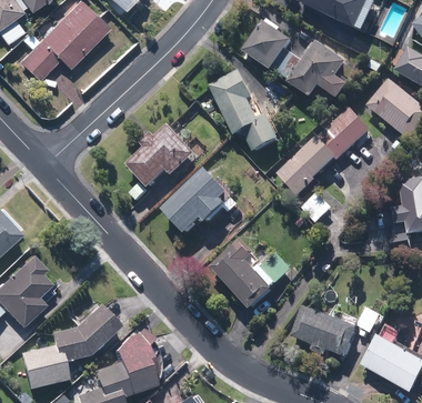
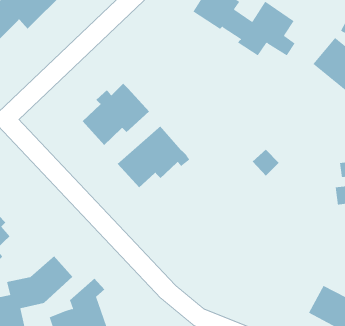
building: [210,71,279,151] -> none
building: [277,108,370,195] -> none
building: [211,239,277,310] -> none
building: [291,308,359,356] -> none

